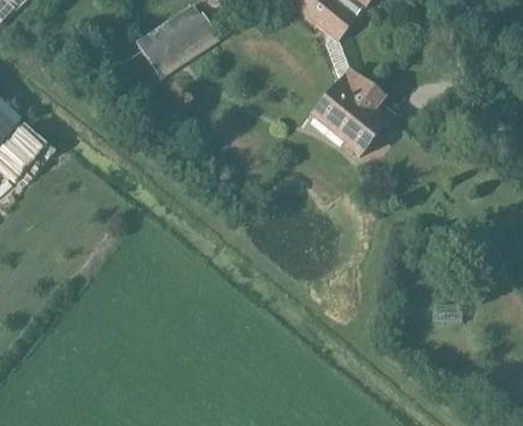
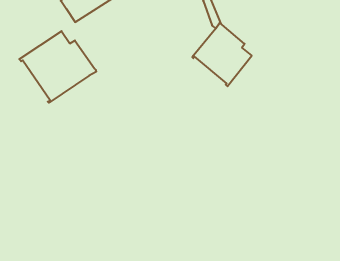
building: none -> [19,31,96,103]

